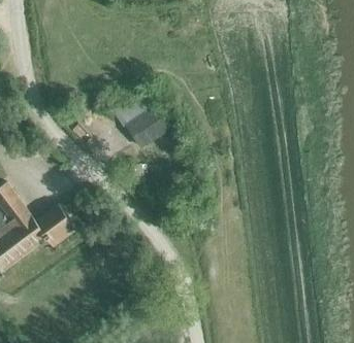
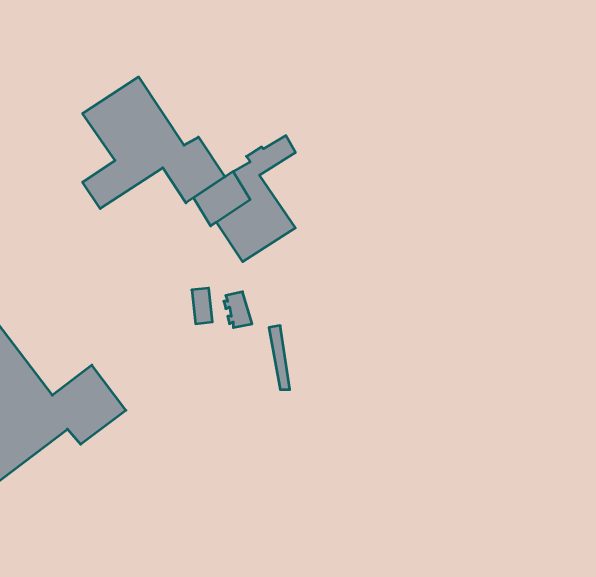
building: none -> [83,77,225,209]

